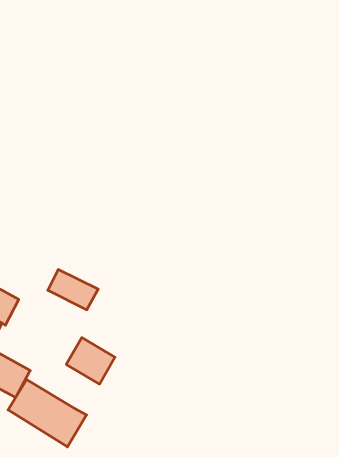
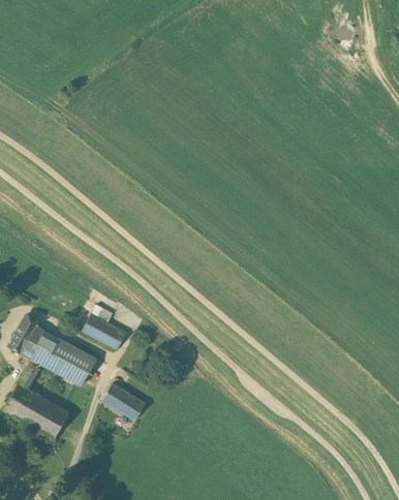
building: none -> [43,339,93,384]
building: [8,380,87,447] -> none

